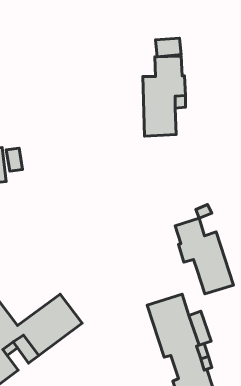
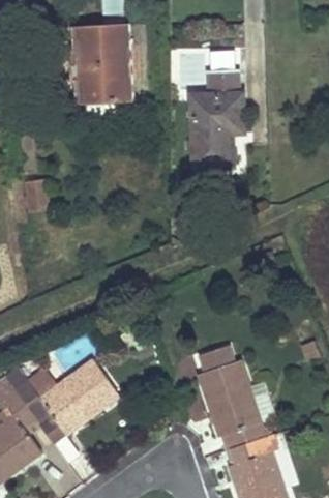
building: none -> [70,23,132,104]
building: [175,218,234,294] -> none

